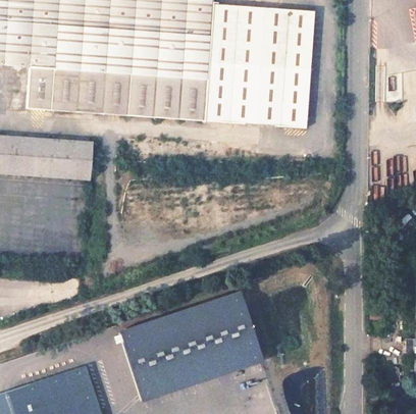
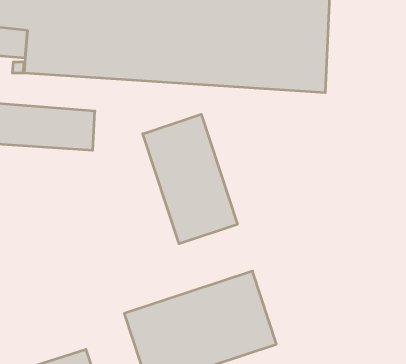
building: none -> [143,114,237,244]

